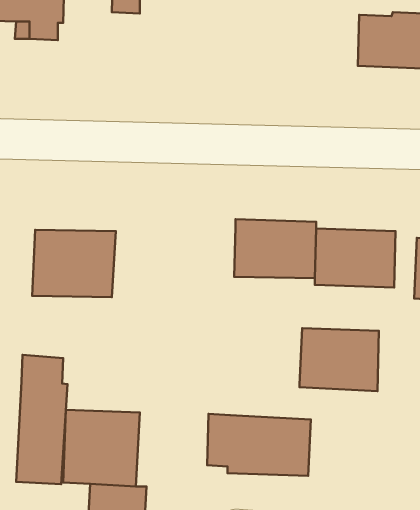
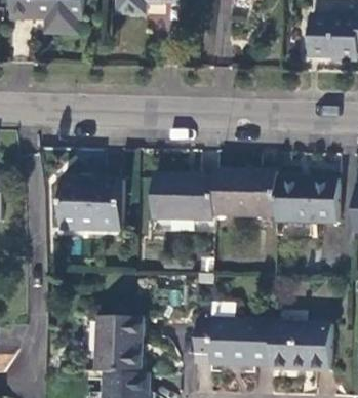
building: none -> [152,174,214,221]
building: [299,328,379,391] -> [270,323,330,371]
building: [16,355,68,484] -> none

